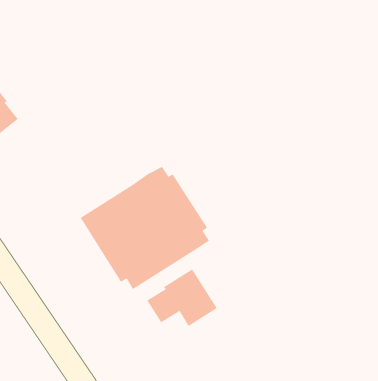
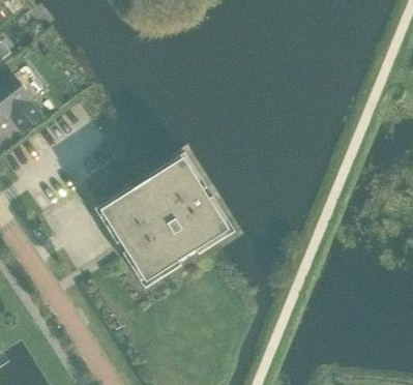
building: [147,269,217,327] -> none

